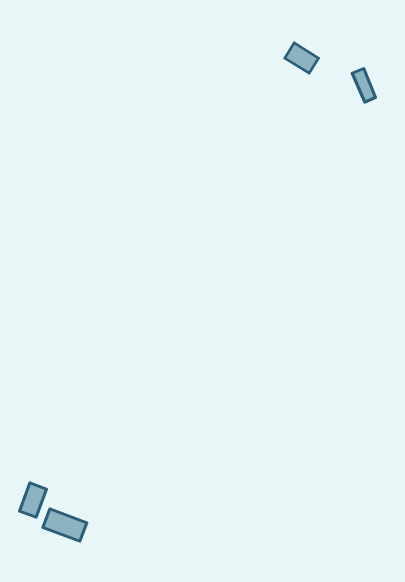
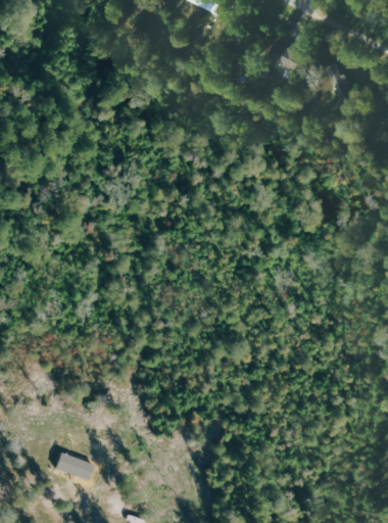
building: [19,483,47,517] -> none

